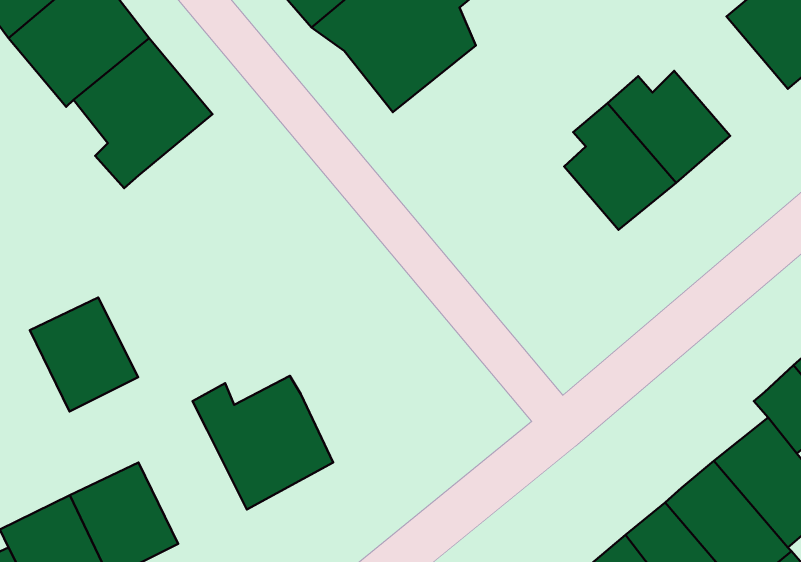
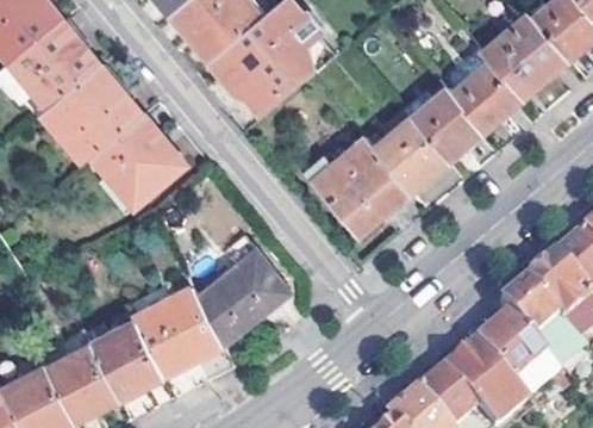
building: none -> [439,48,522,131]
building: none -> [93,117,183,207]
building: none -> [301,139,410,237]
building: [30,298,138,411] -> [93,325,164,401]
building: none -> [200,242,291,347]

